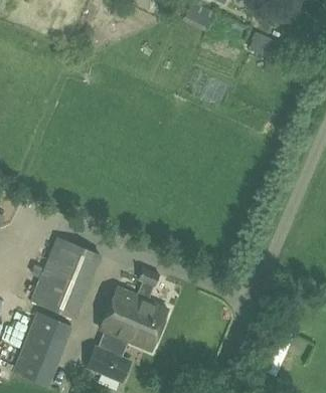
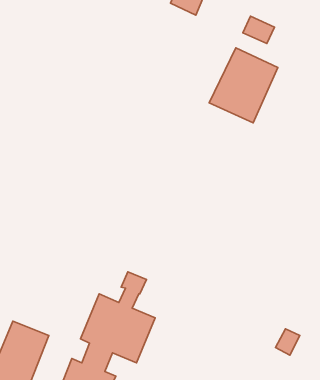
building: none -> [209,48,278,123]
building: [31,237,101,319] -> none

